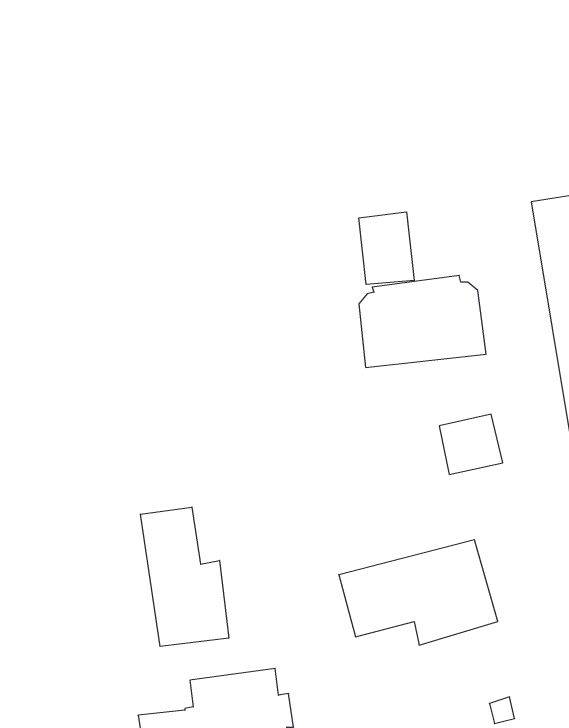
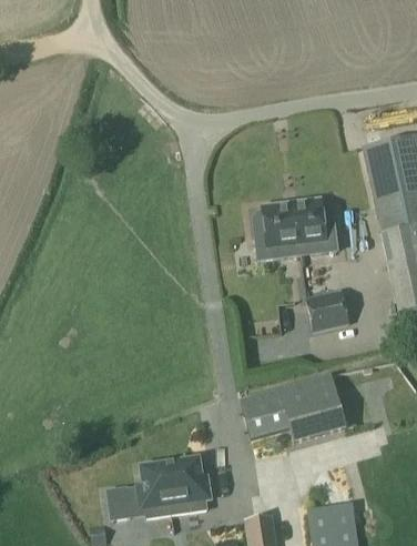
building: [359,212,414,284] -> none
building: [140,507,229,646] -> none

